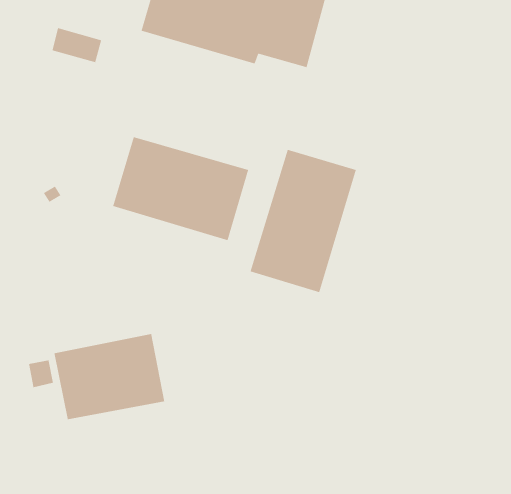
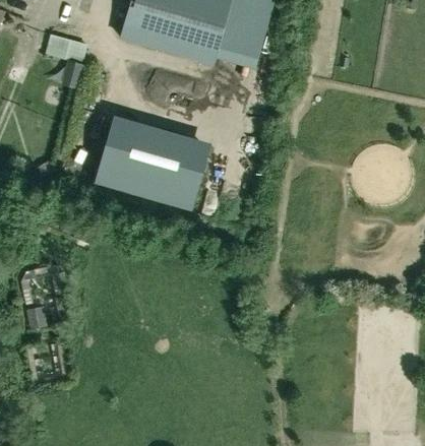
building: [249,149,357,293] -> none
building: [54,333,165,420] -> none

